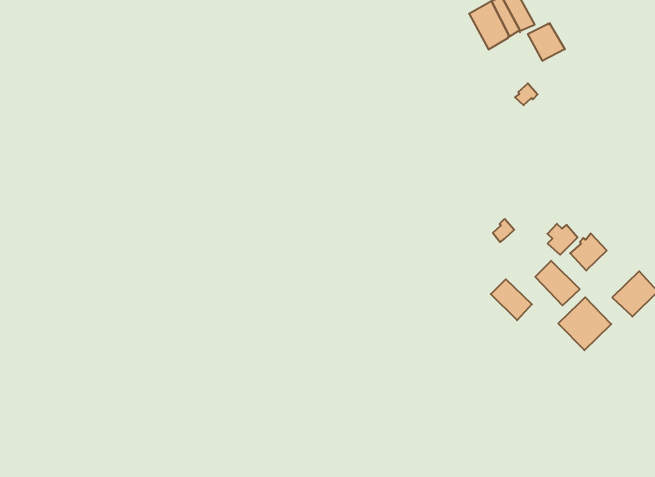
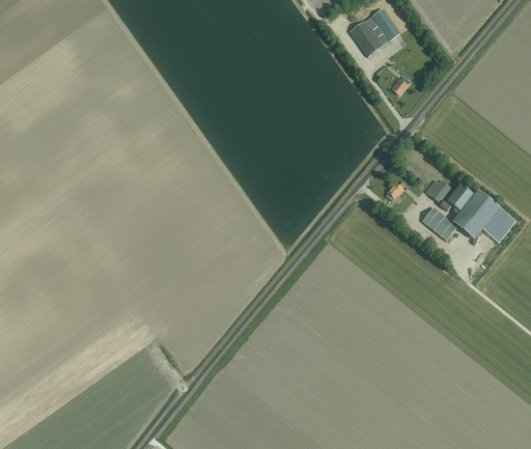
building: [528,23,565,61] -> none
building: [491,279,532,320] -> none
building: [558,297,611,350] -> [459,190,499,229]

